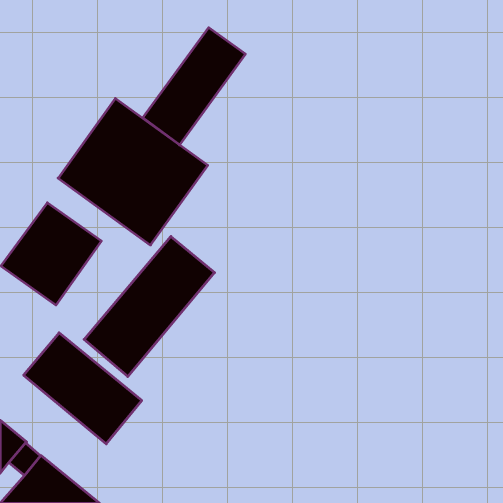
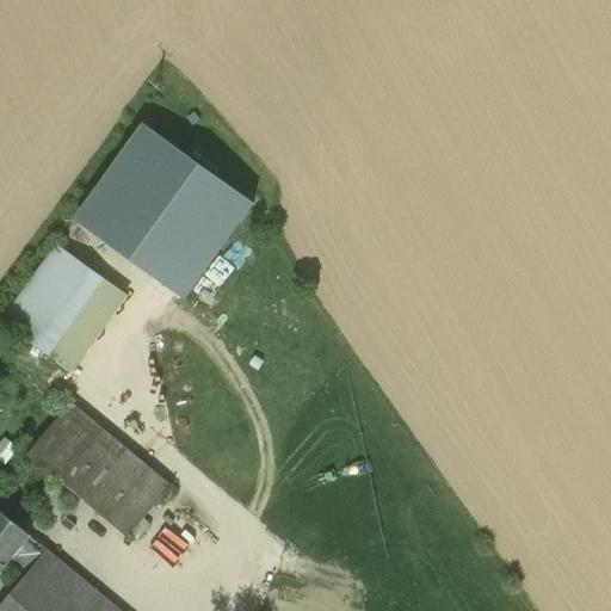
building: [143,28,245,145] -> none
building: [84,236,215,377] -> none

